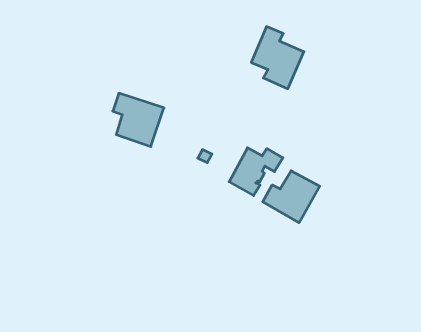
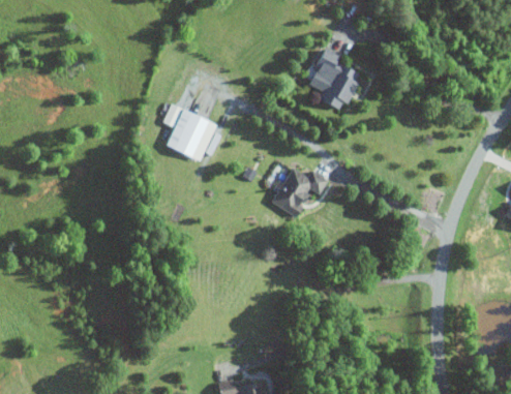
building: [263,171,320,223] -> none

